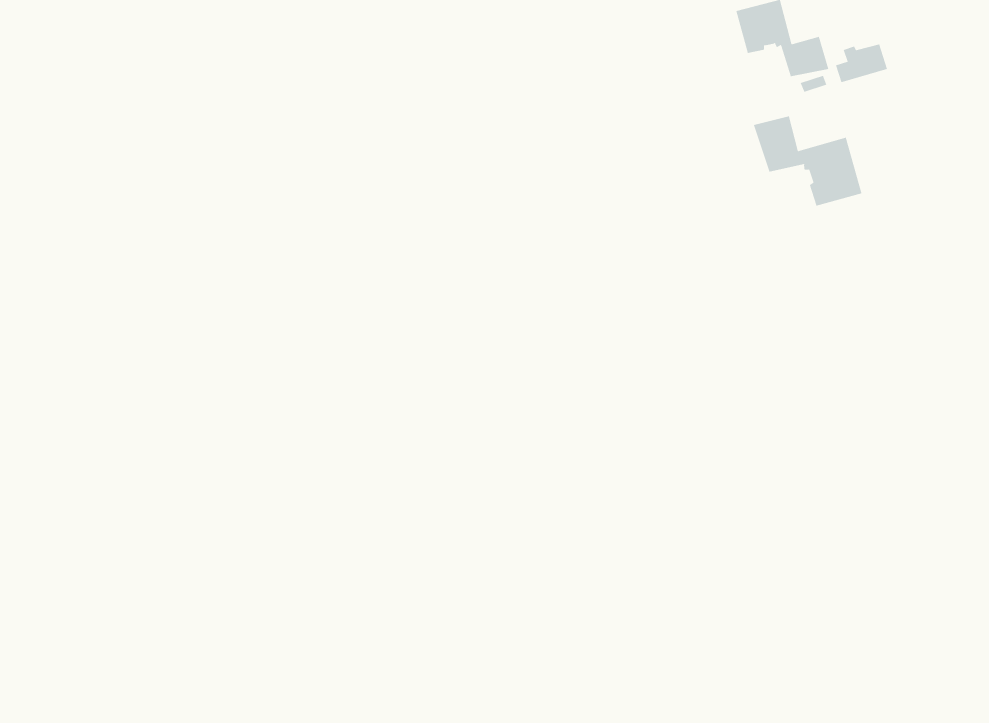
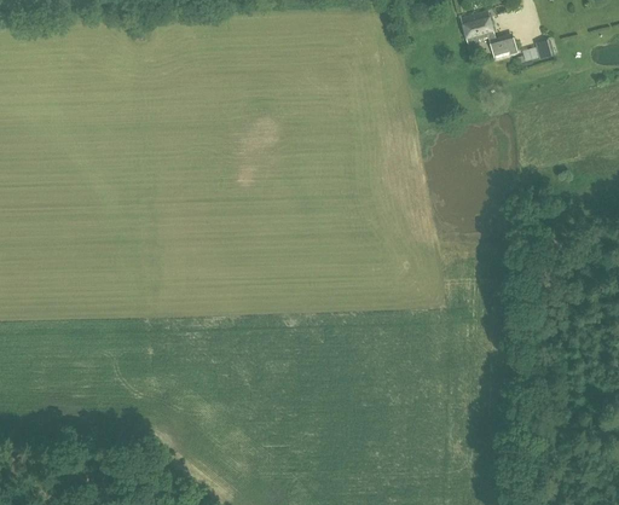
building: [753,115,862,206] -> none

